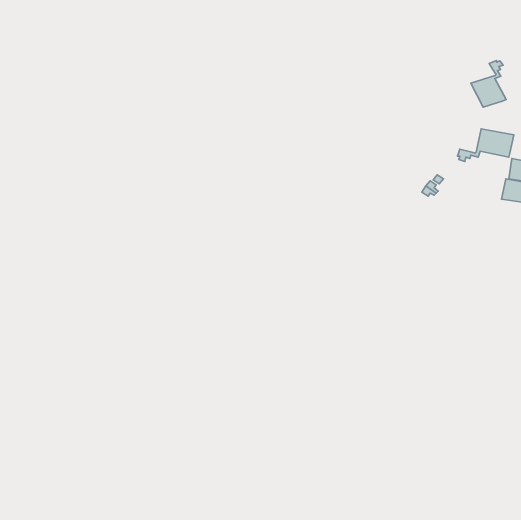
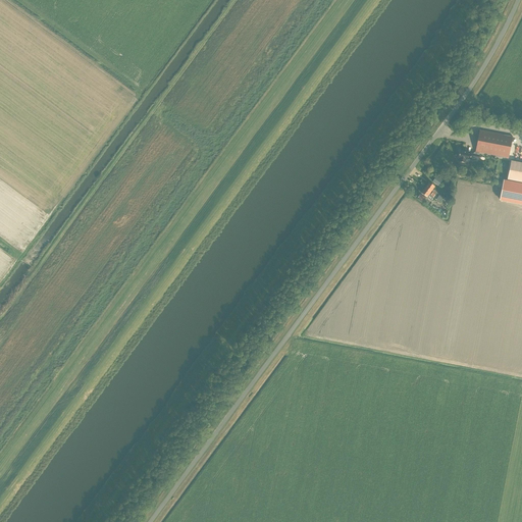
building: [471,61,506,107] -> none

